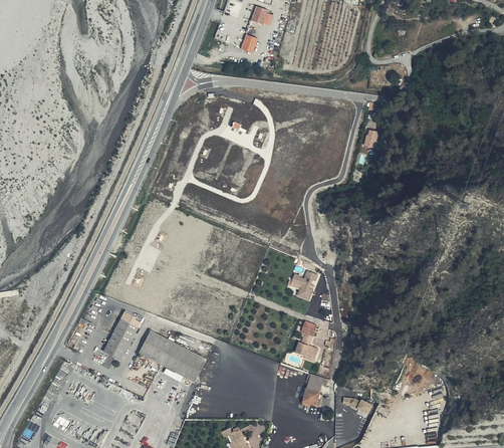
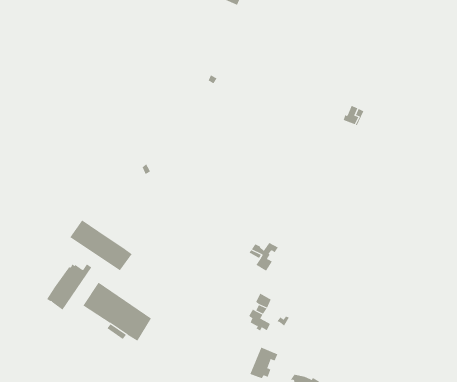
building: none -> [70,219,132,271]

